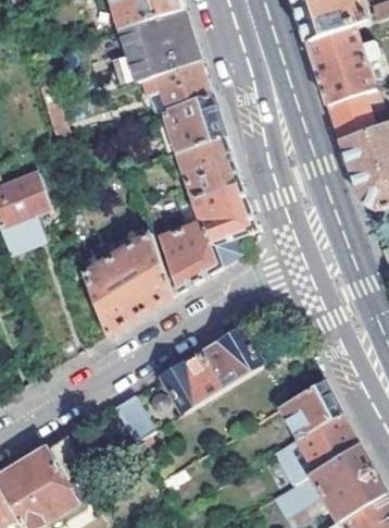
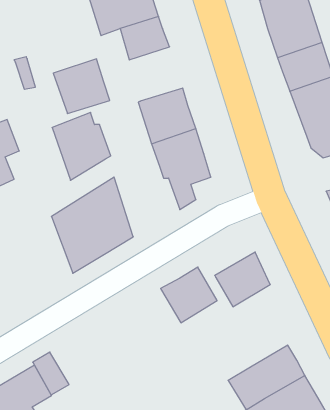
building: [164,90,225,149] -> [53,59,110,114]
building: [159,219,222,292] -> [52,112,111,180]
building: [162,351,224,413] -> none
building: [278,377,338,435] -> [215,252,270,307]
building: [114,393,153,439] -> [33,352,69,395]

